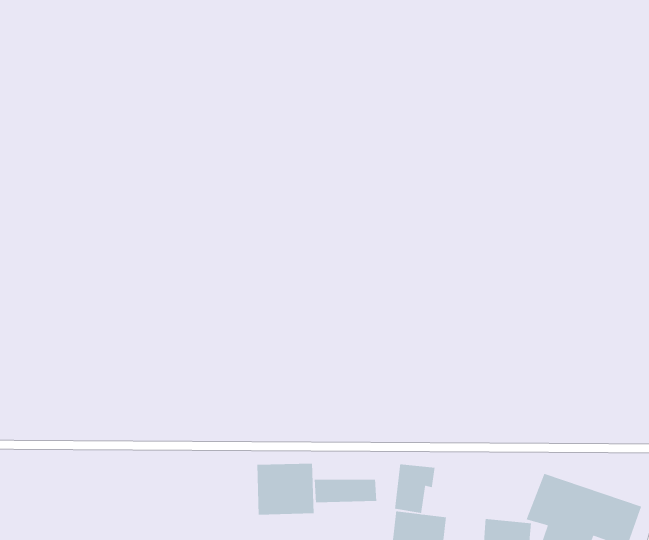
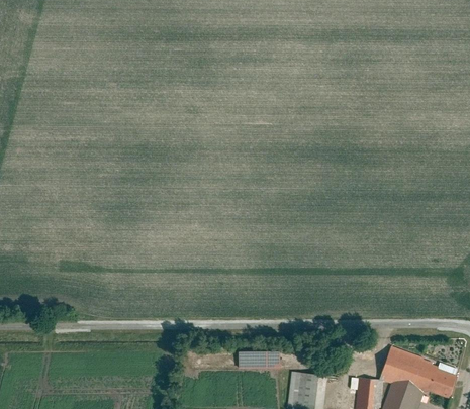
building: [257,463,314,515] -> none
building: [394,464,435,514] -> none

